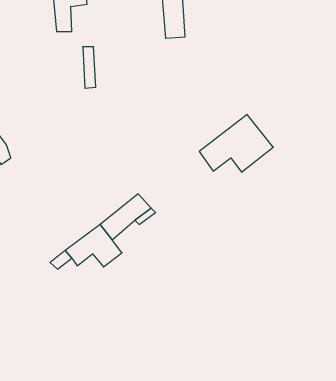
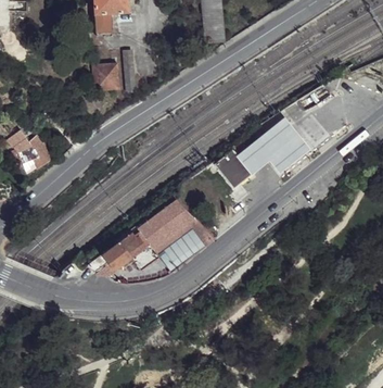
building: none -> [92,62,118,87]
building: none -> [216,149,253,189]

